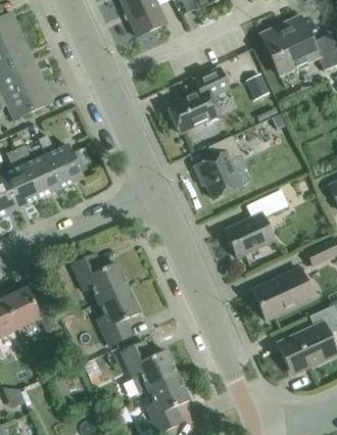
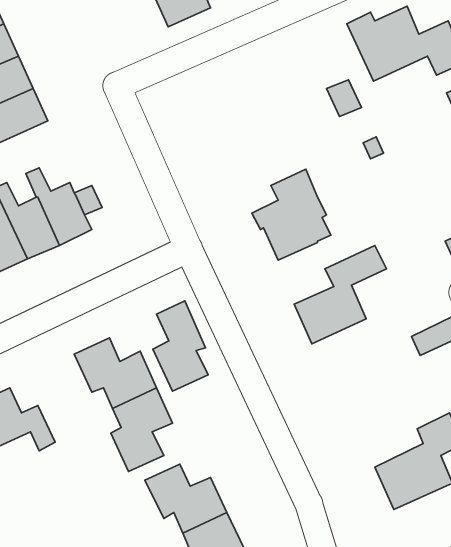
building: [166,66,229,132] -> none
building: none -> [153,301,208,391]
building: [251,268,314,320] -> none

